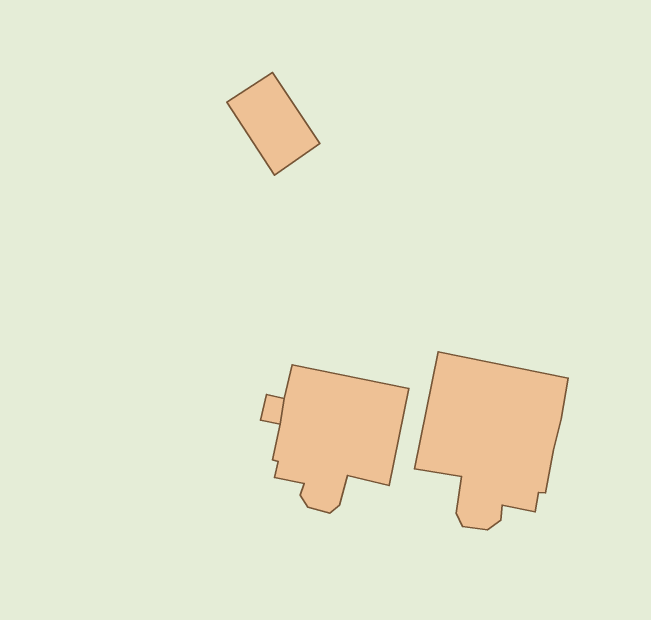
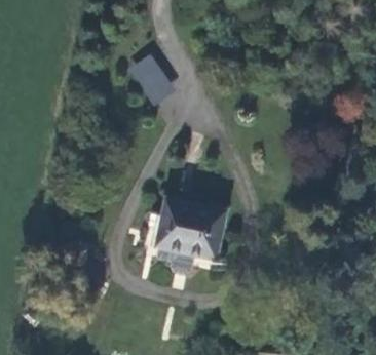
building: [414,352,568,530] -> none

